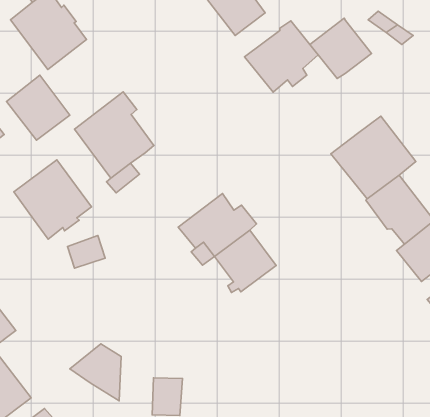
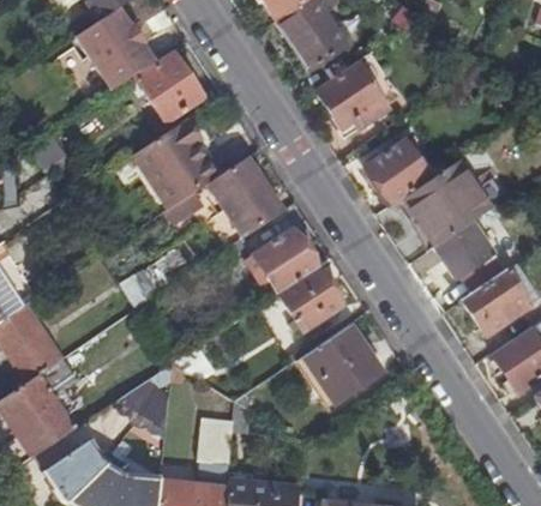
building: [310,18,372,79] -> [367,138,431,200]
building: [7,75,70,140] -> [140,55,205,122]
building: none -> [209,158,281,237]
building: [14,160,91,239] -> none
building: none -> [306,324,380,399]

